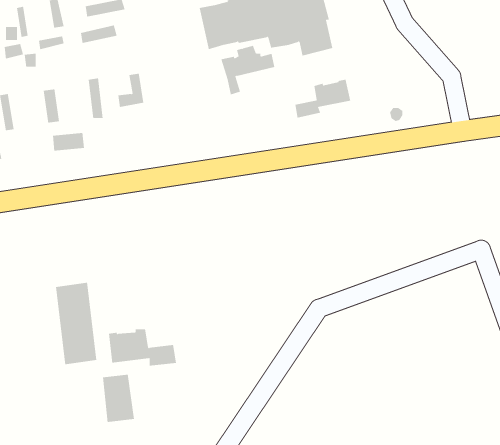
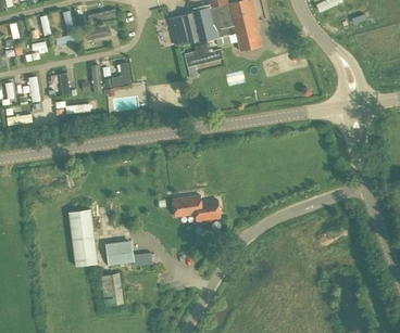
building: [295,79,351,119] -> none
building: none -> [172,194,220,220]

